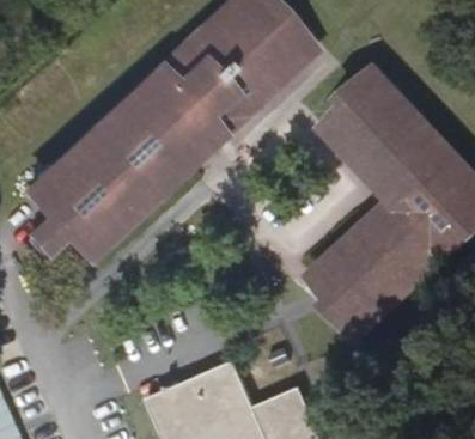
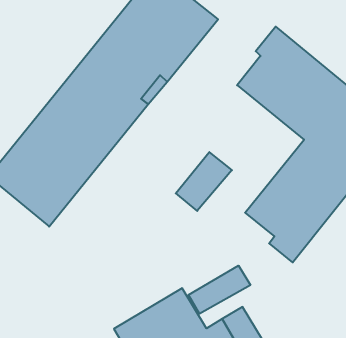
building: none -> [176,152,232,211]
building: none -> [189,266,250,314]

